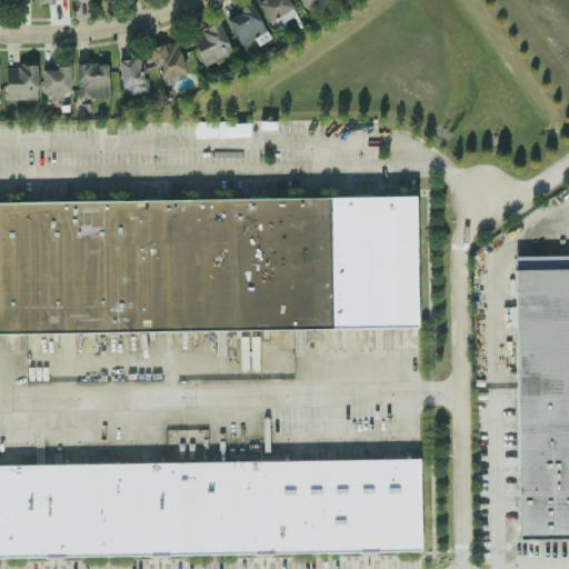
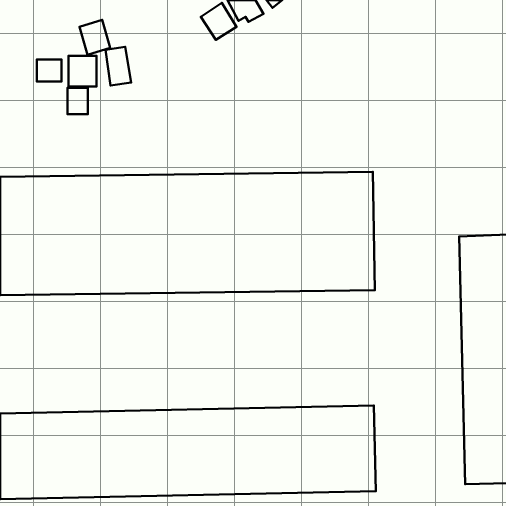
building: [191,24,233,68] -> none
building: [151,42,186,81] -> [79,20,110,55]
building: [7,68,37,102] -> none
building: none -> [67,88,88,114]

